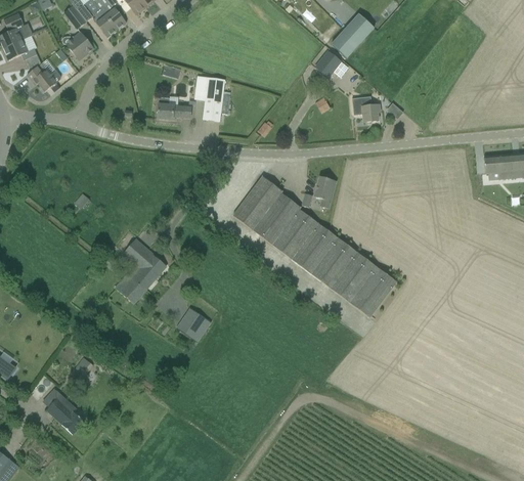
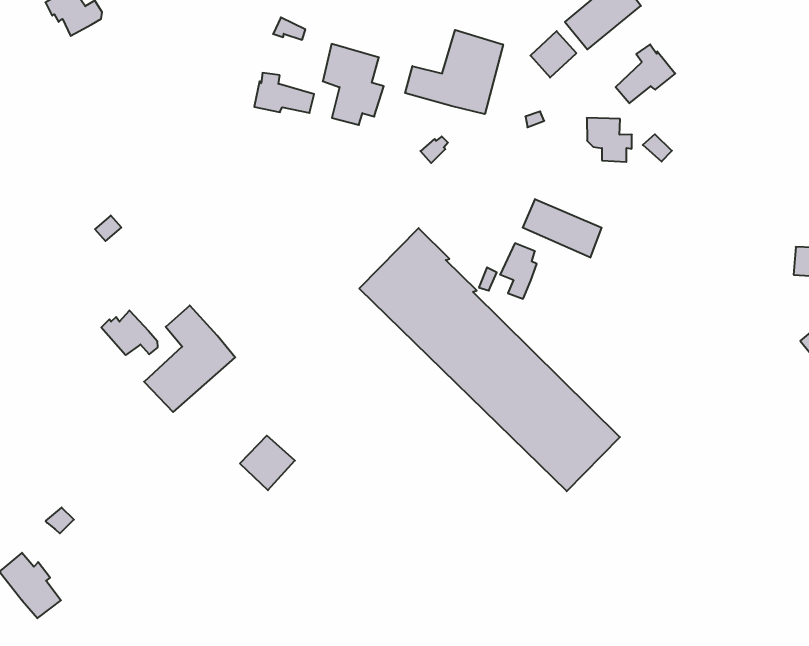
building: none -> [616,44,675,103]
building: none -> [405,30,503,114]
building: none -> [523,199,602,258]
building: none -> [101,310,157,355]

